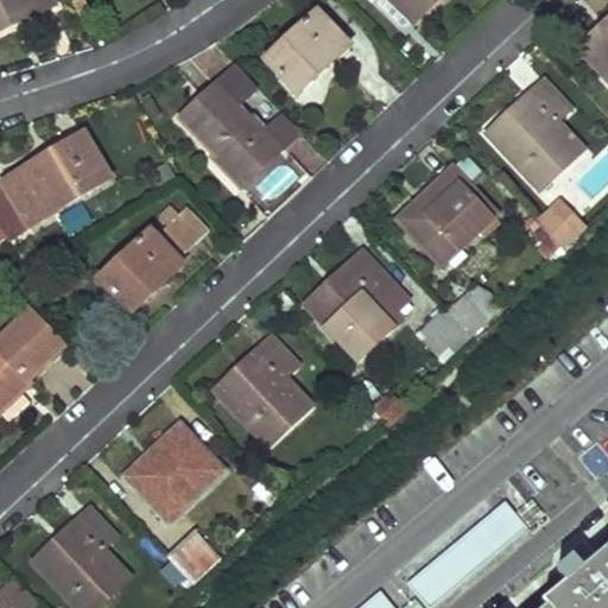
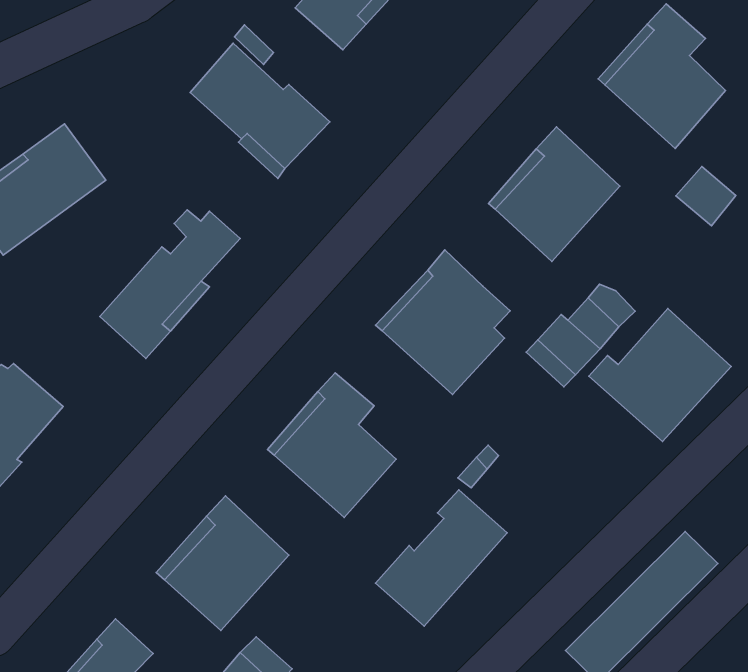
building: none -> [589,308,731,441]
building: none -> [376,490,507,626]

